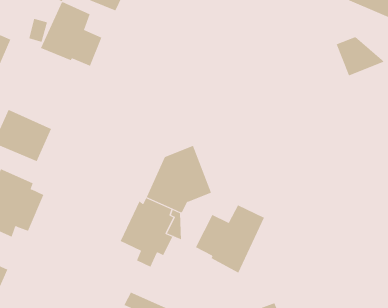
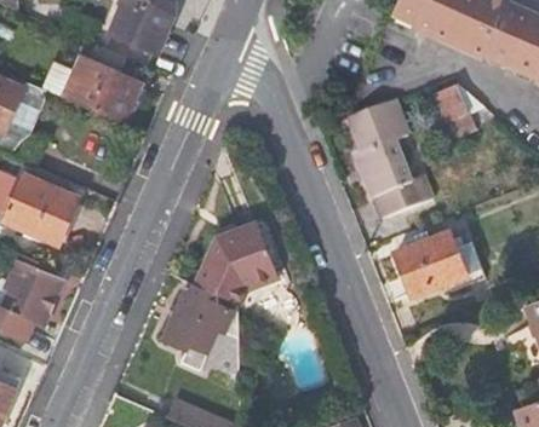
building: none -> [345,100,417,220]
building: none -> [394,232,478,296]
building: [195,205,265,273] -> none

